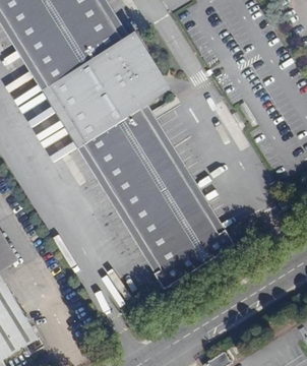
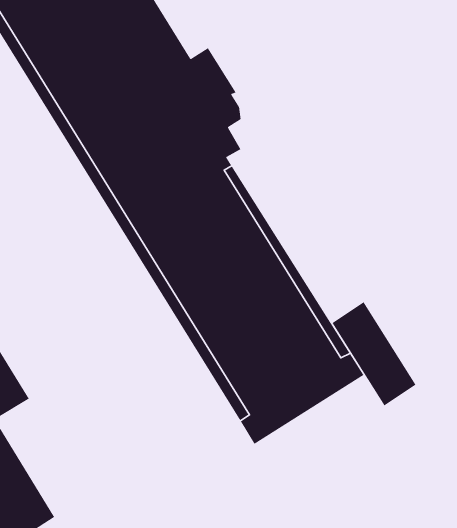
building: none -> [332,301,416,406]

